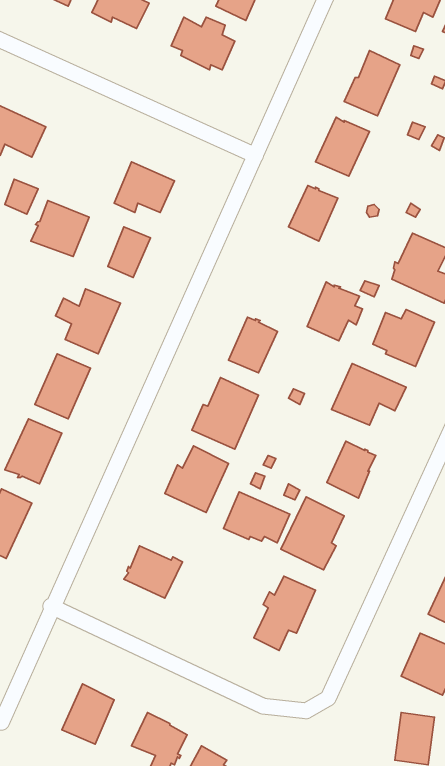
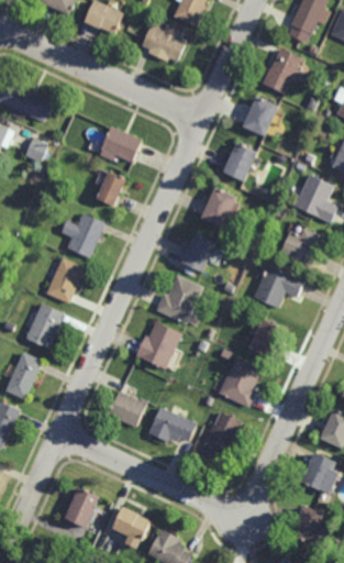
building: [31,201,89,256] -> none
building: [307,282,363,341] -> [200,186,238,227]
building: [223,492,290,543] -> [149,408,196,443]

